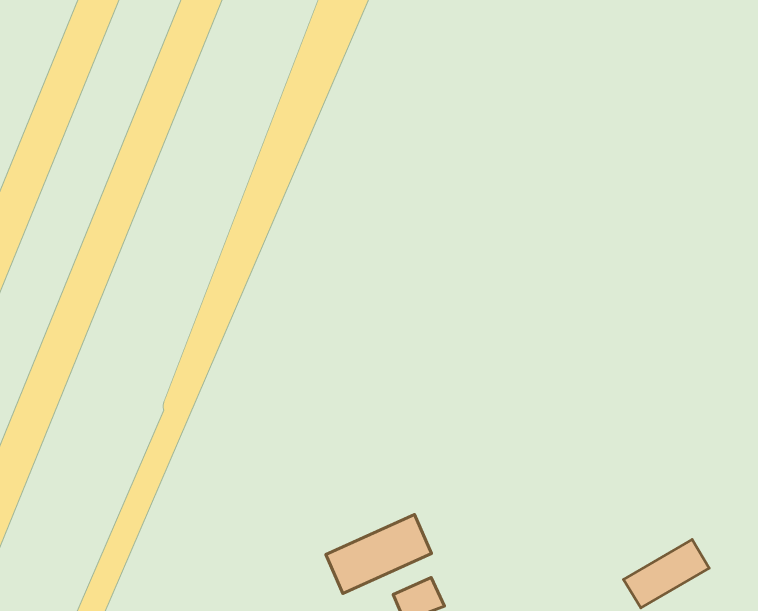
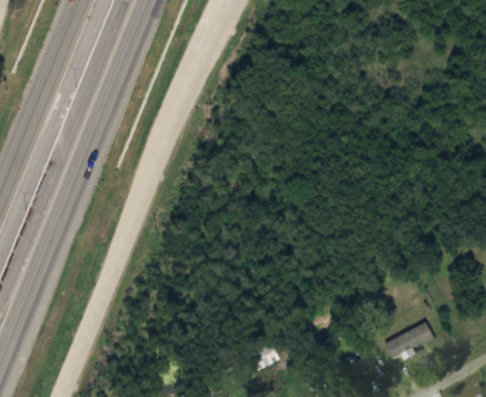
building: [326,515,432,593] -> none

